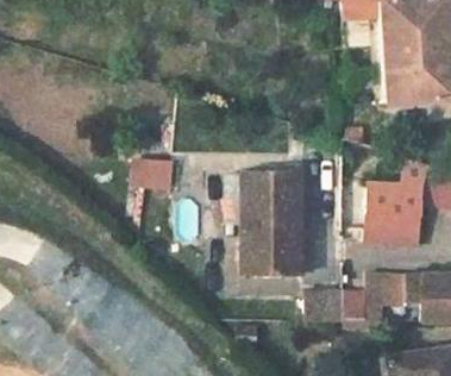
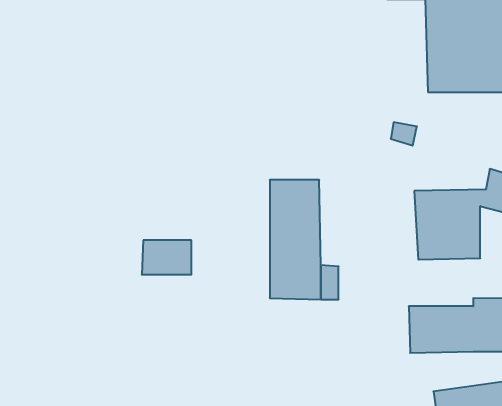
building: [132,156,175,186] -> [142,240,191,275]

